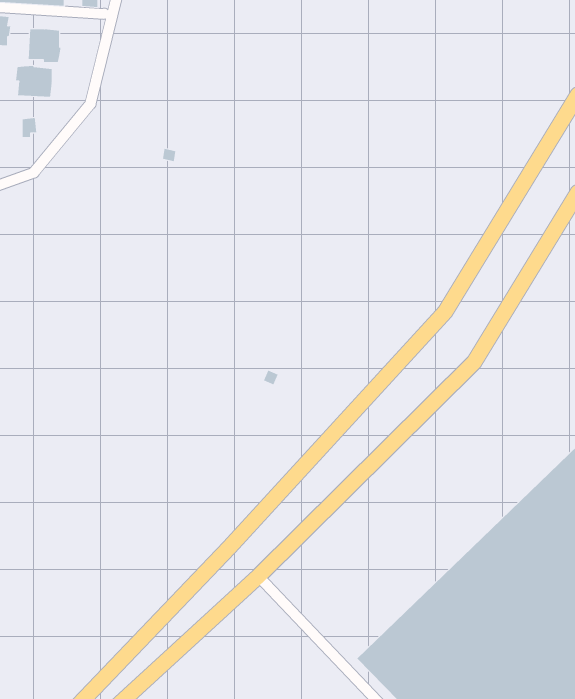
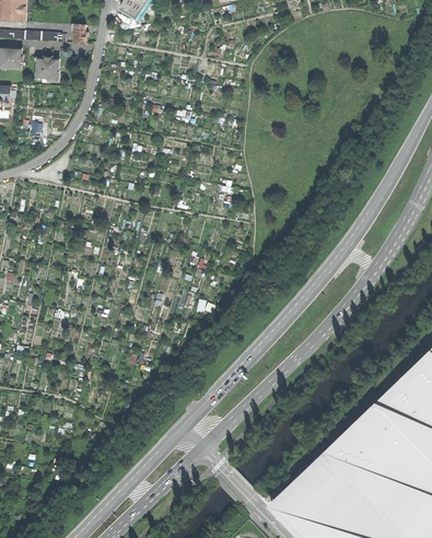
building: [16,65,52,97] -> none

